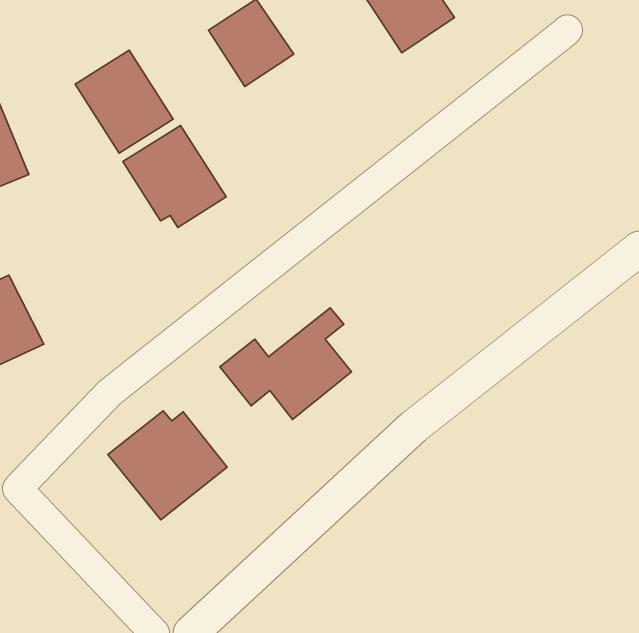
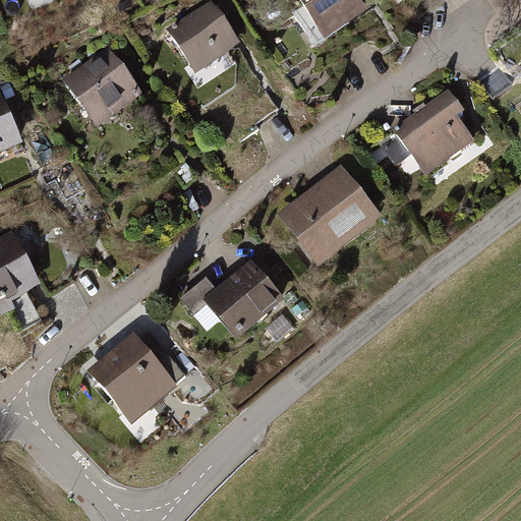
building: none -> [382,91,471,175]
building: [123,125,226,228] -> none
building: none -> [276,165,380,266]

